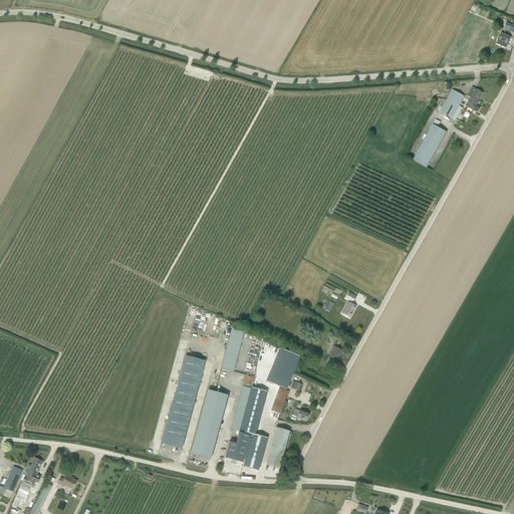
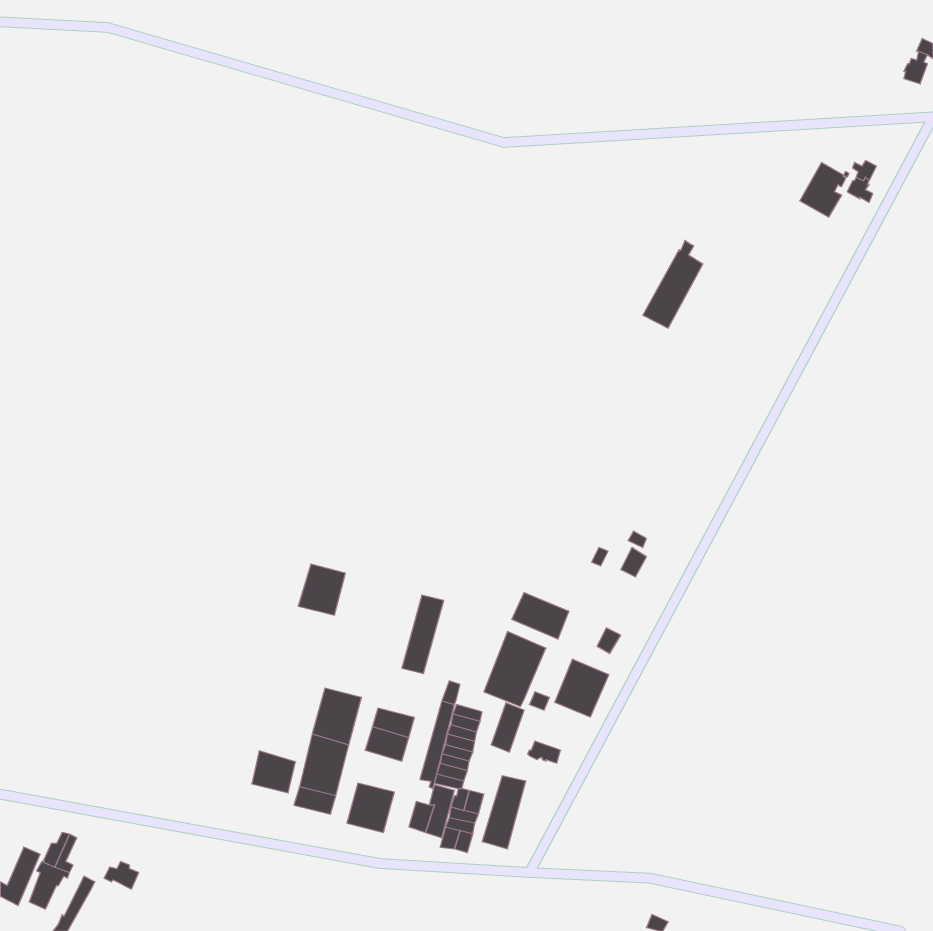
building: [413,118,446,167] -> [643,240,703,328]
building: none -> [512,592,569,639]
building: [179,355,205,383] -> [298,564,345,615]
building: none -> [555,659,609,717]
building: [197,413,221,436] -> [252,751,296,793]

